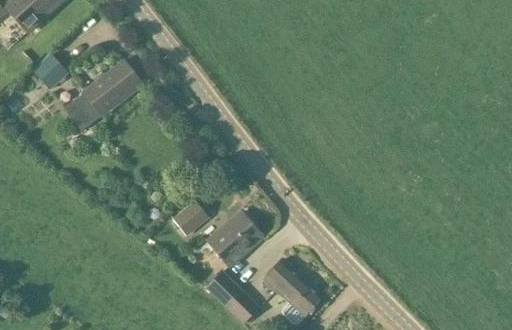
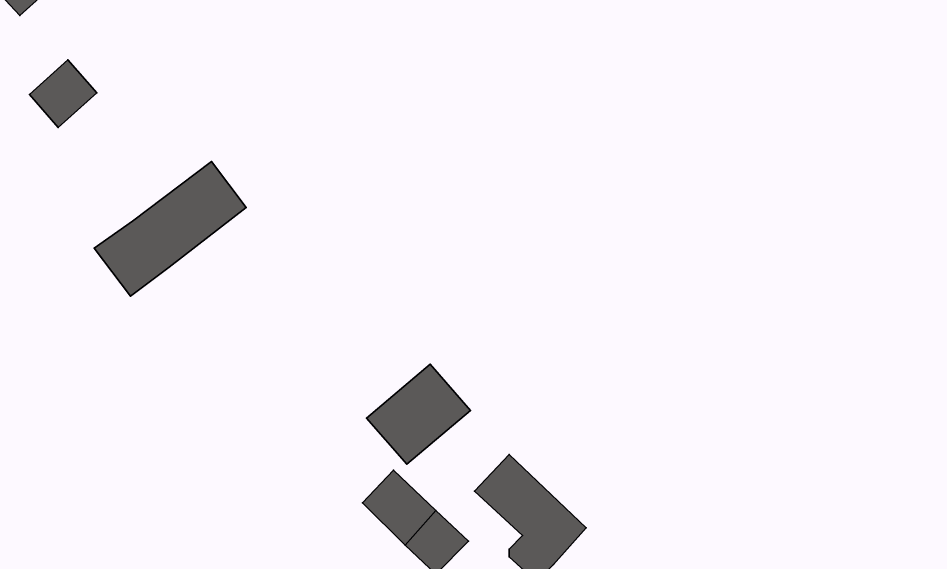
building: [63,61,142,131] -> [94,161,246,296]
building: [173,202,206,234] -> none

